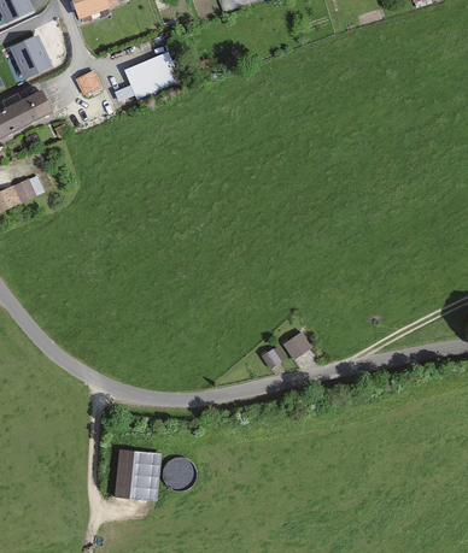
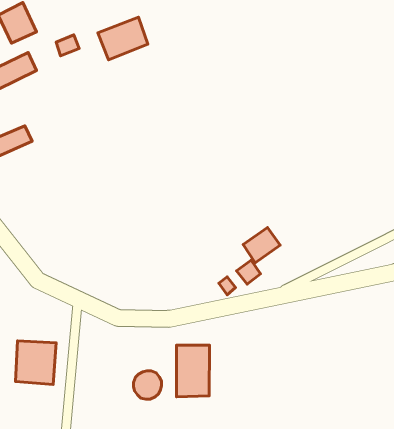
building: none -> [243,228,280,263]
building: none -> [176,345,209,397]
building: [113,446,160,496] -> [15,341,56,385]

